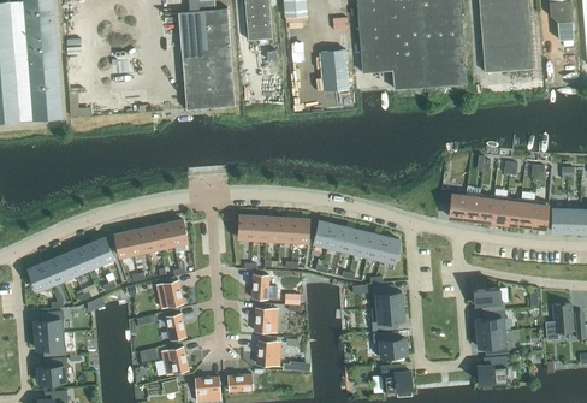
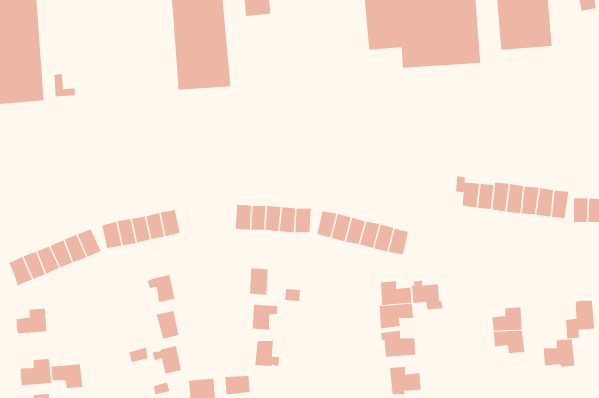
building: [321,51,349,91] -> none
building: [474,284,504,312] -> [411,280,444,310]
building: [36,333,66,356] -> [51,364,83,389]
building: [478,357,508,384] -> [543,339,575,367]

